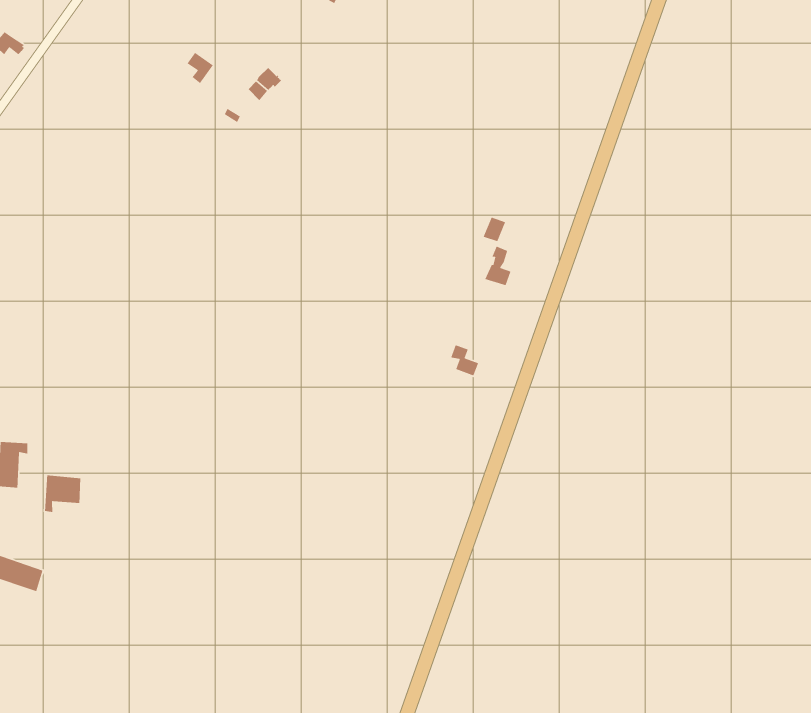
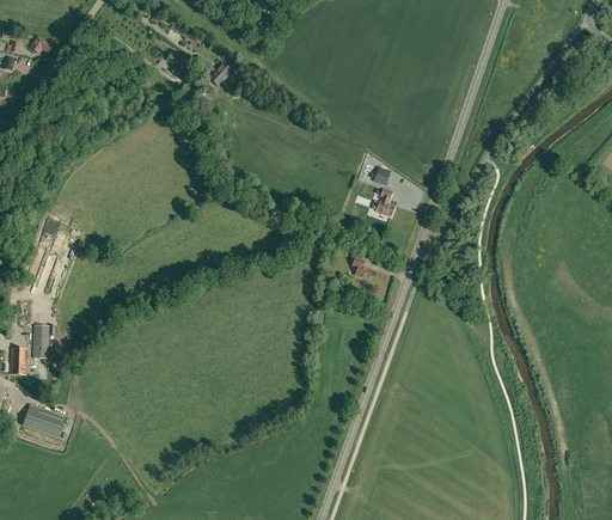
building: [44,474,81,513] -> none

